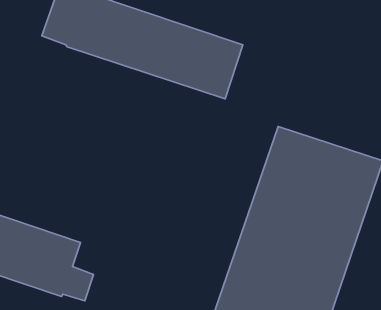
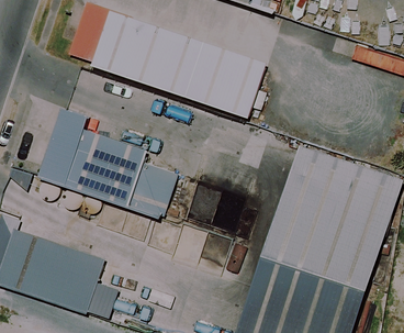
building: none -> [37,104,175,217]

